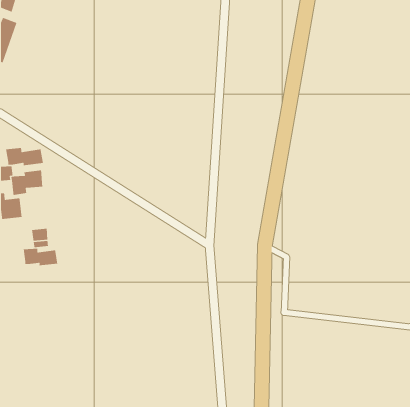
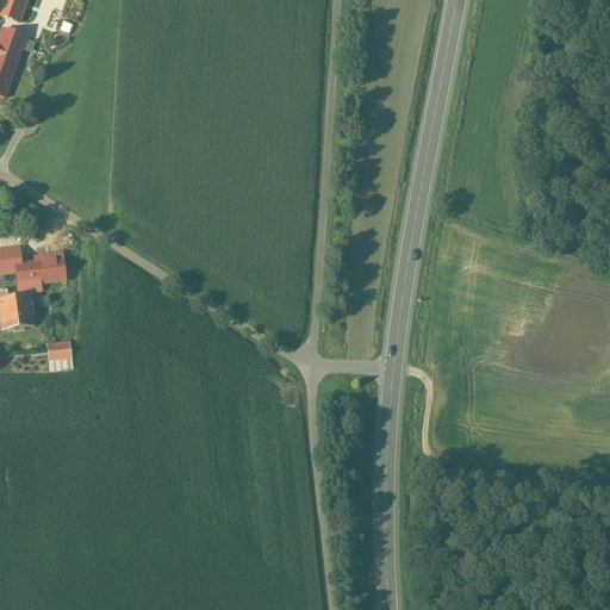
building: [5,147,44,166] -> none
building: [23,248,58,266] -> none

